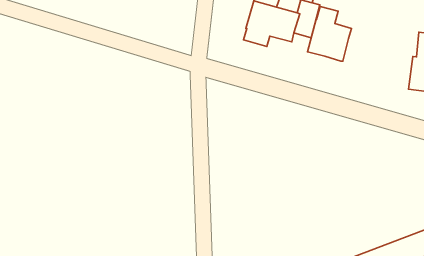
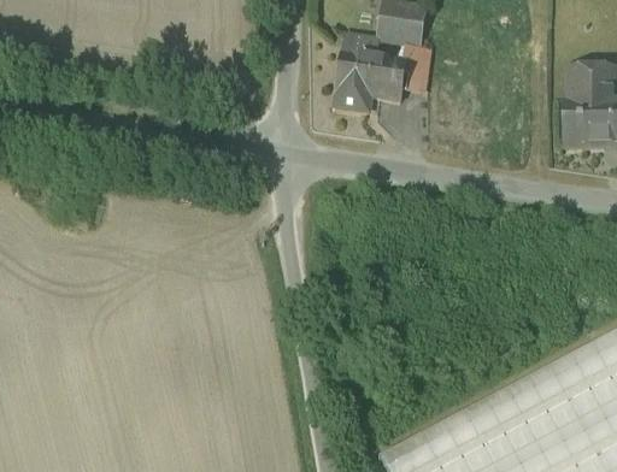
building: [308,6,351,61] -> none

